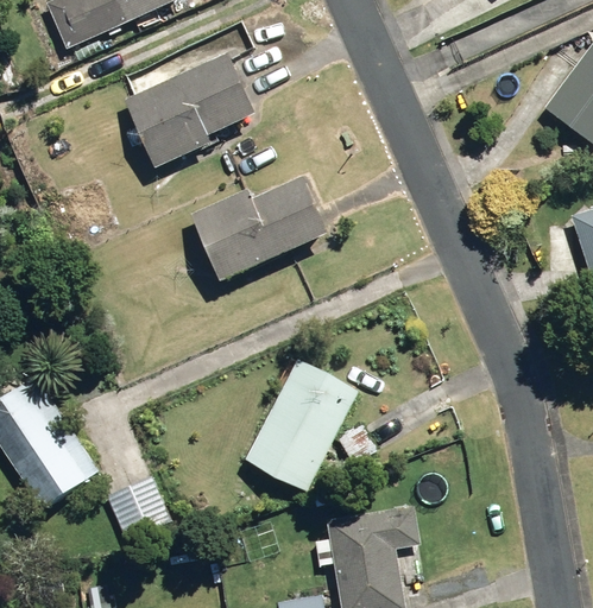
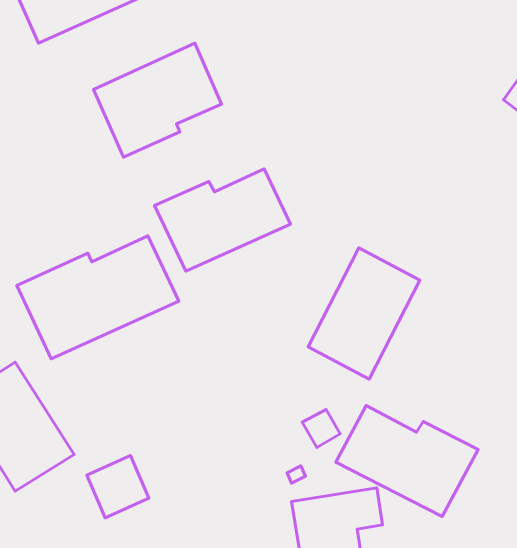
building: none -> [17,236,179,359]
building: [242,357,358,493] -> [308,248,420,379]
building: none -> [336,406,478,517]

